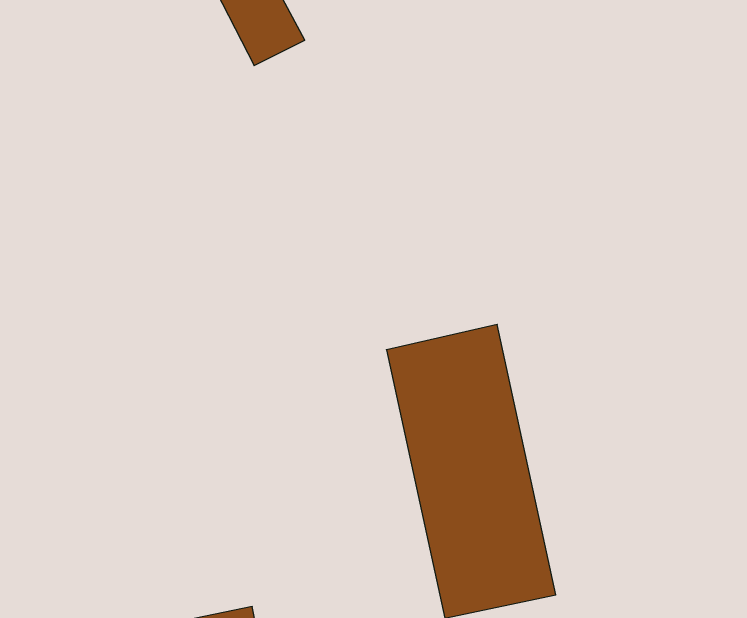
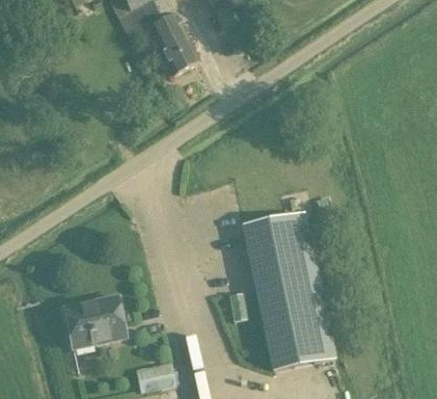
building: none -> [64,294,126,346]

